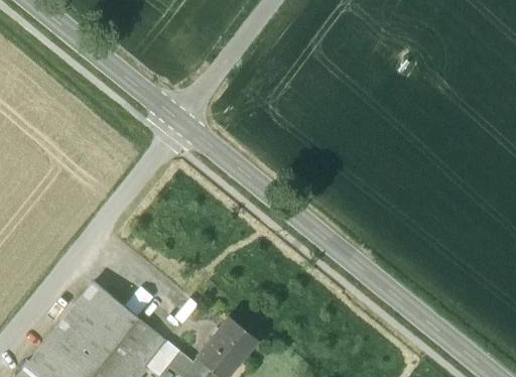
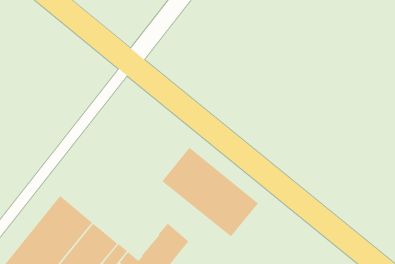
building: none -> [162,147,259,237]

